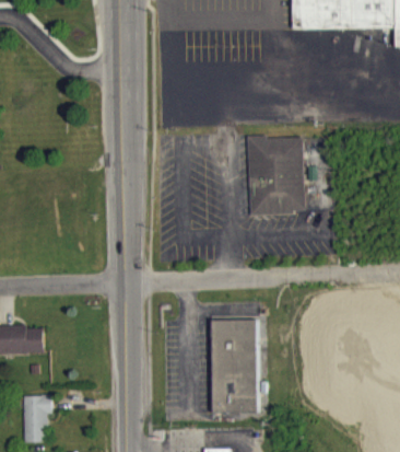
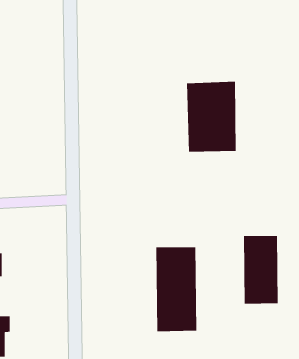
building: none -> [243,235,278,305]

